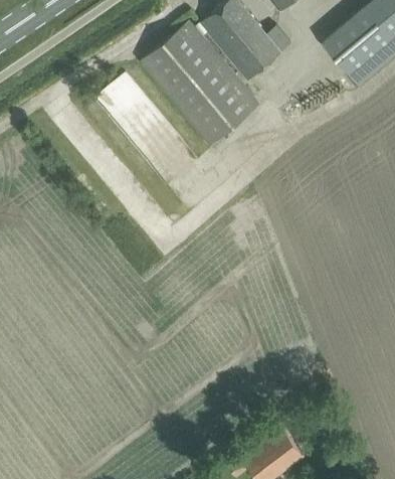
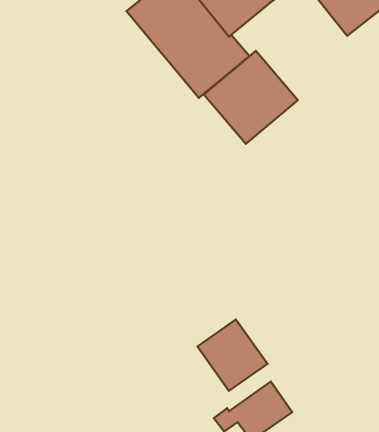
building: none -> [204,51,298,144]
building: none -> [197,320,267,391]

